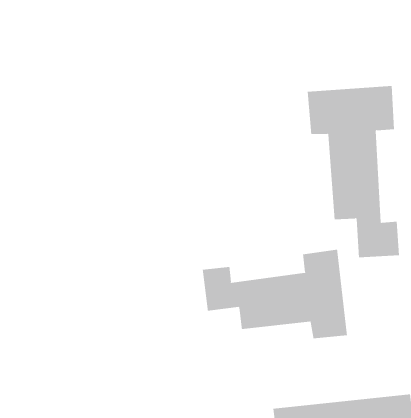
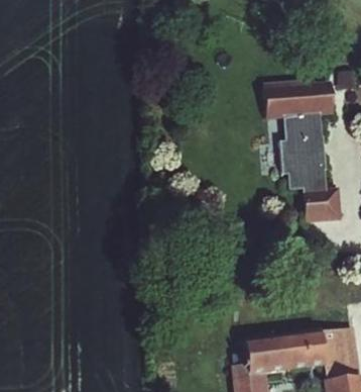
building: [202,249,347,339] -> none

